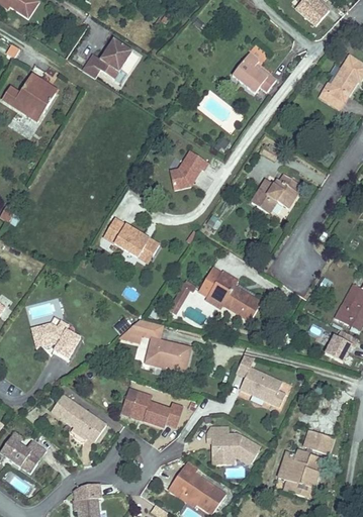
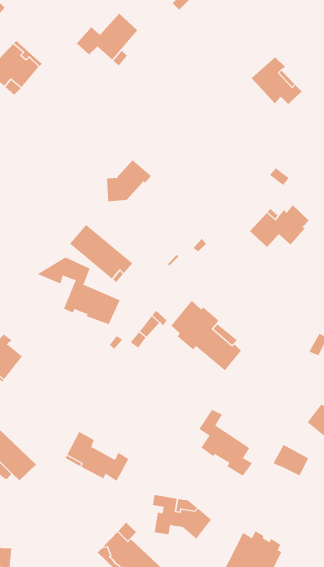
building: [170,151,207,190] -> [106,160,152,202]
building: [118,319,191,370] -> [37,257,121,325]
building: [303,429,333,453] -> [273,444,309,476]

